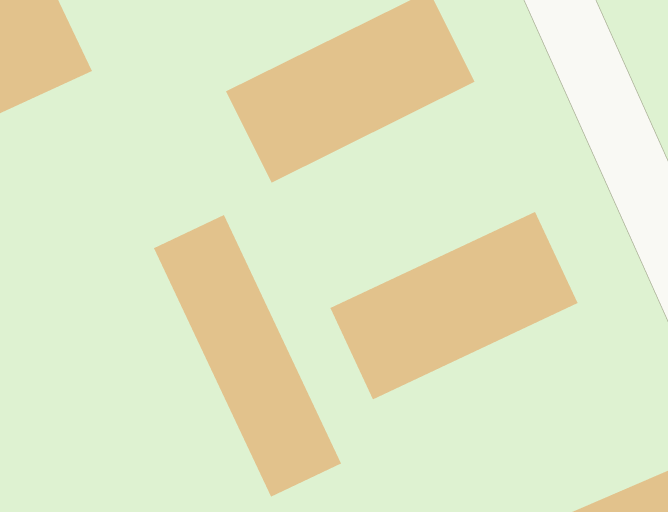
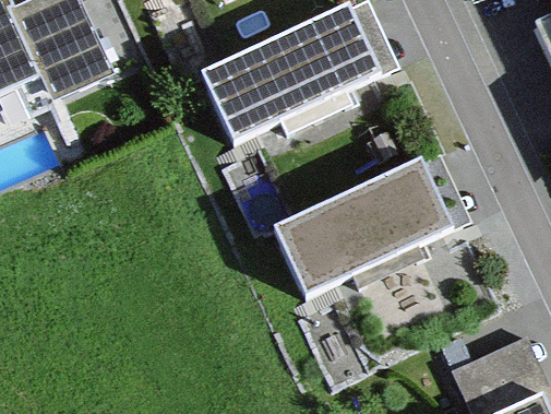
building: [153,214,342,498] -> none

